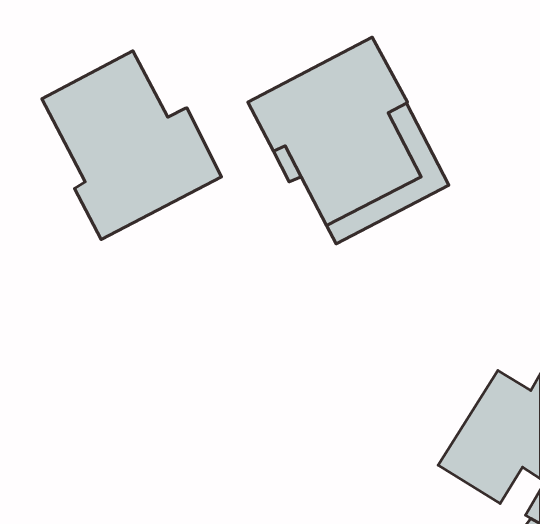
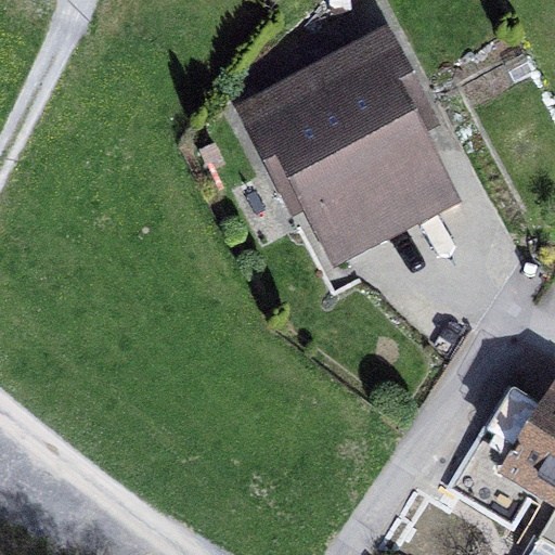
building: [42,51,221,239] -> none

